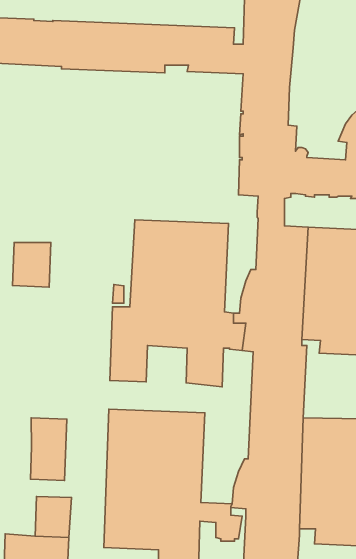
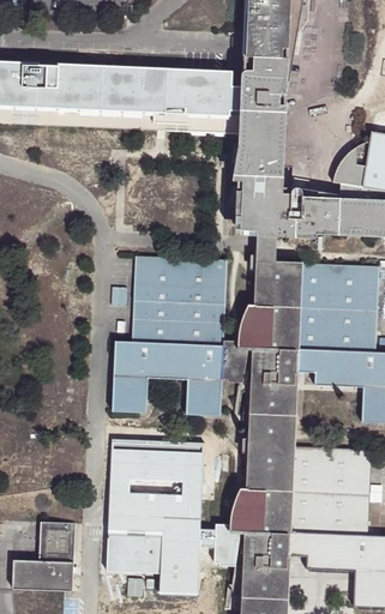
building: [13,242,51,287] -> none
building: [30,418,67,481] -> none

